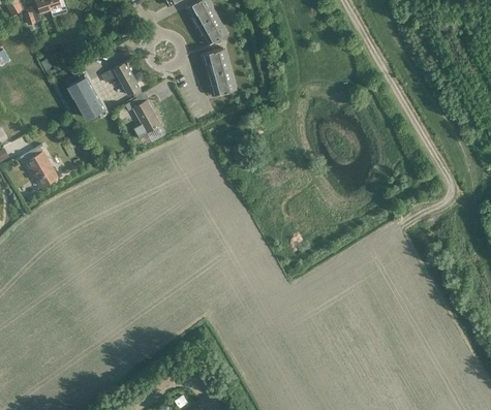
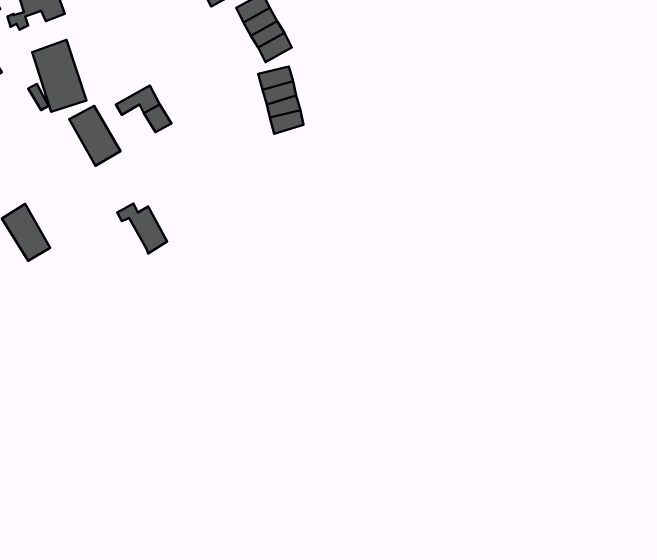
building: none -> [32,40,87,112]
building: [125,98,160,133] -> [117,204,167,253]

